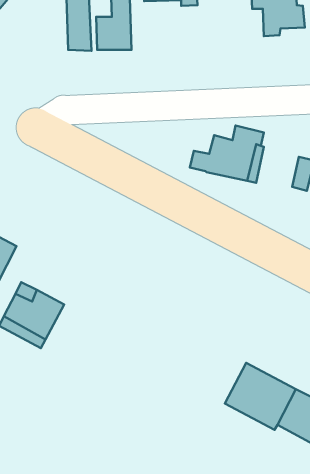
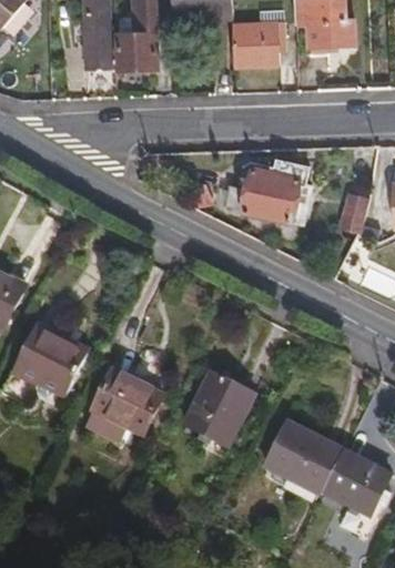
building: none -> [233,18,278,60]
building: none -> [95,371,171,440]
building: none -> [188,378,255,453]

